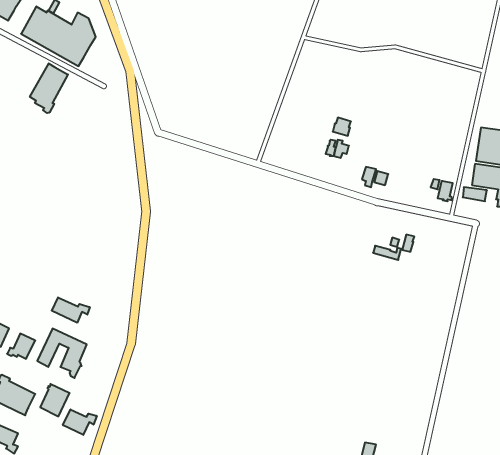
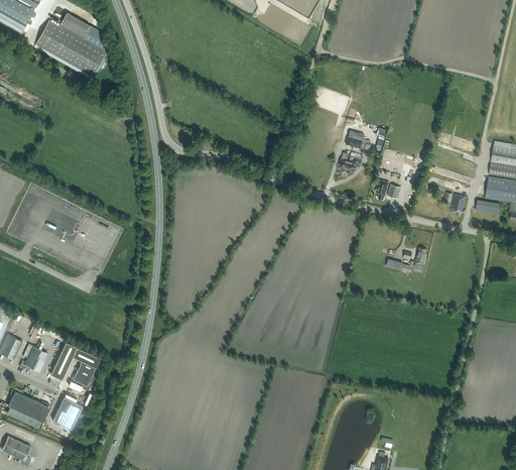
building: [30,63,68,113] -> none
building: [52,297,90,323] -> none
building: [63,409,97,435] -> none

